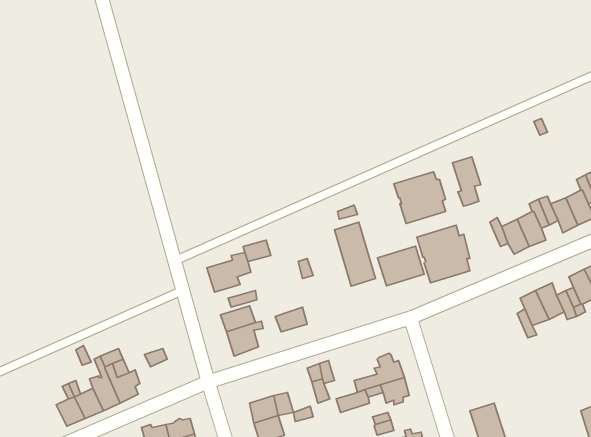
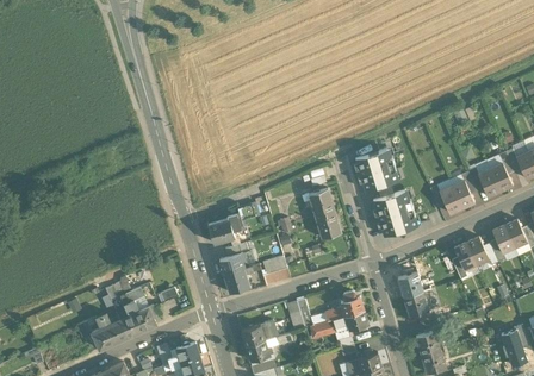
building: [453,157,481,206] -> none
building: [378,246,424,286] -> none
building: none -> [397,271,428,315]

